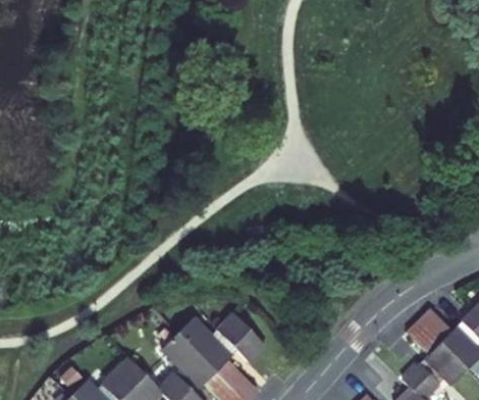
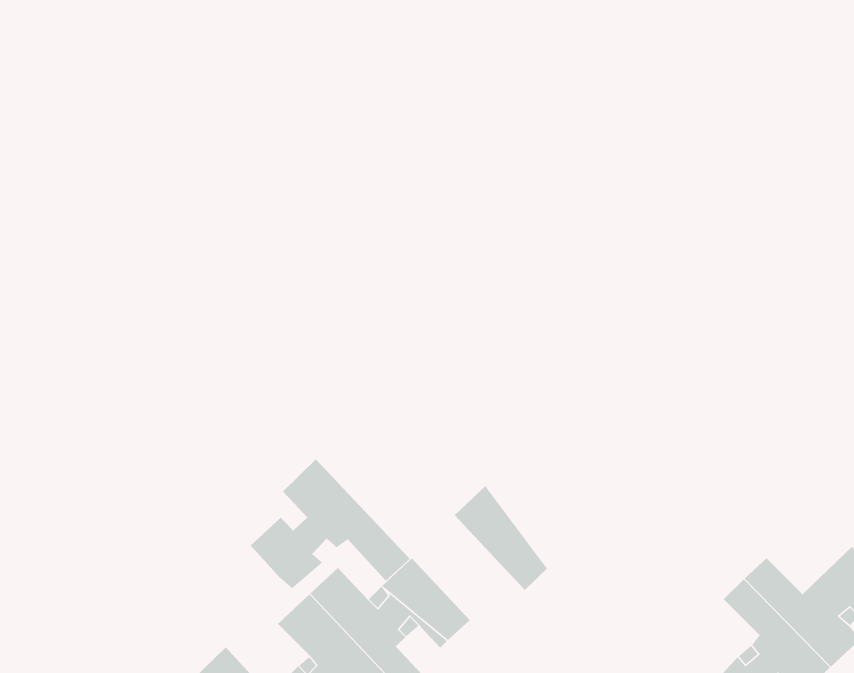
building: none -> [250,459,410,589]
building: none -> [454,486,548,591]

